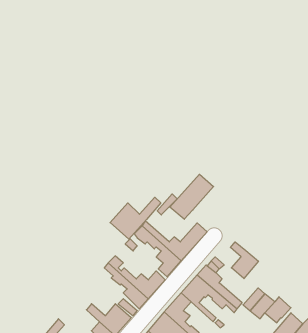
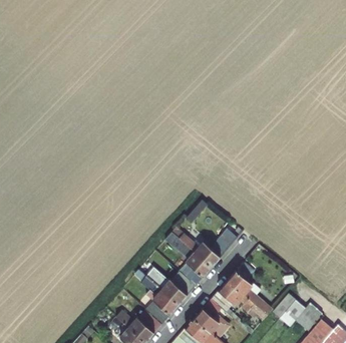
building: [170,174,214,219] -> none
building: [110,197,161,239] -> none
building: [230,242,258,279] -> none

